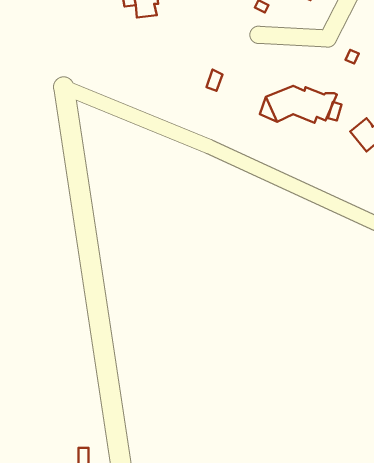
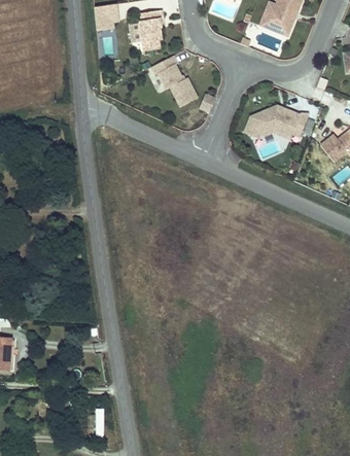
building: none -> [151,56,198,106]

